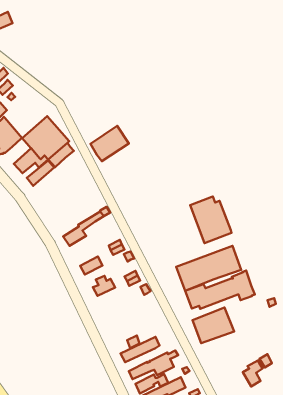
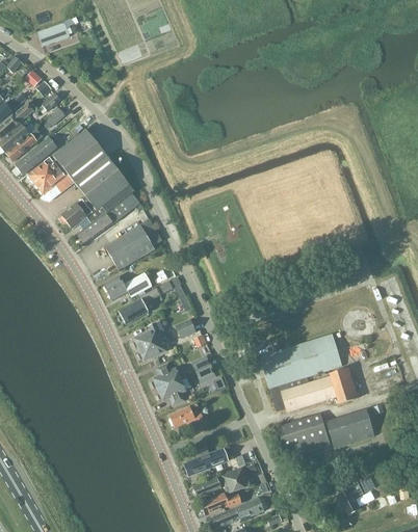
building: none -> [54,130,108,183]
building: [90,126,129,161] -> [105,225,154,269]
building: [190,196,232,243] -> none
building: none -> [104,271,153,299]
building: none -> [135,321,164,349]
building: none -> [159,379,187,404]
building: none -> [326,408,375,448]
building: none -> [171,403,205,427]

